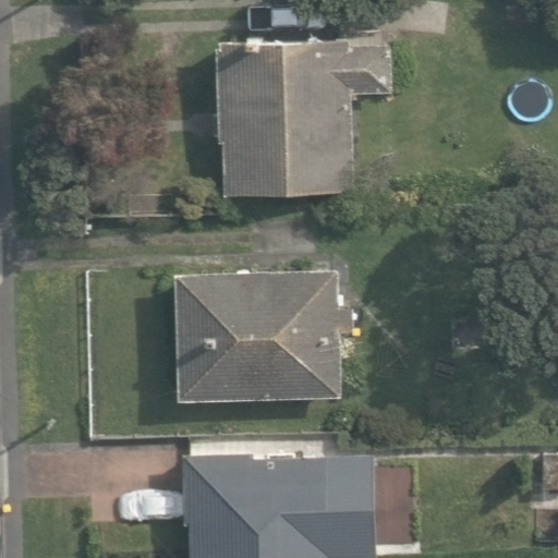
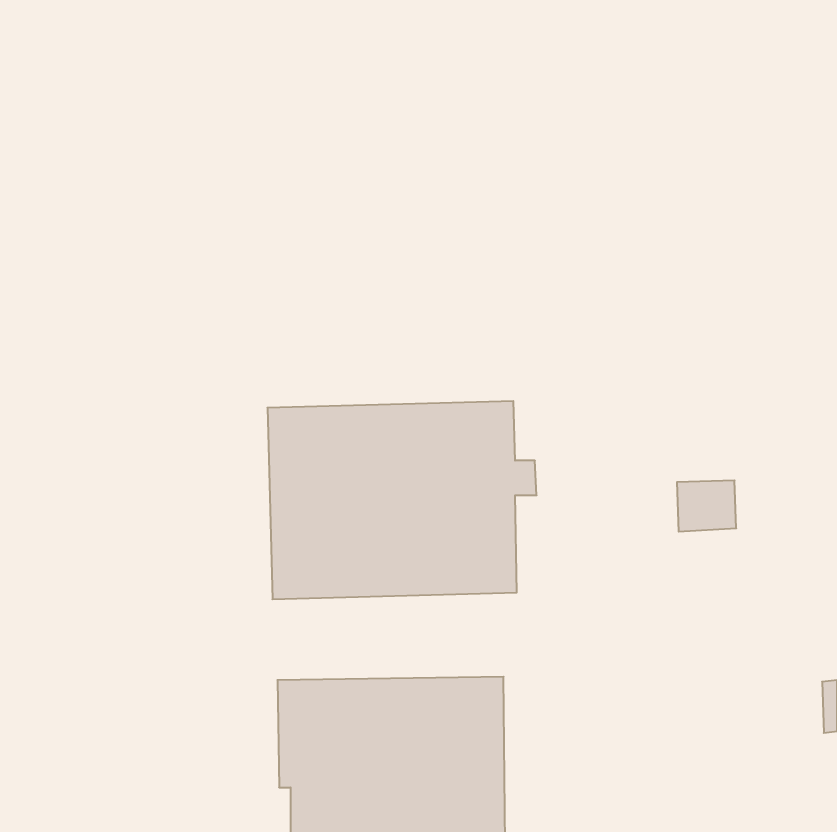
building: [217,37,392,196] -> none

